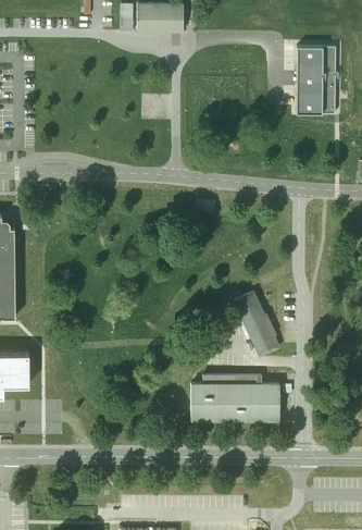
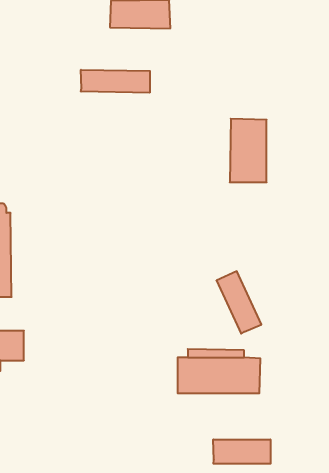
building: [295,45,334,112] -> [230,119,267,182]
building: none -> [81,70,150,93]
building: none -> [213,439,271,464]

